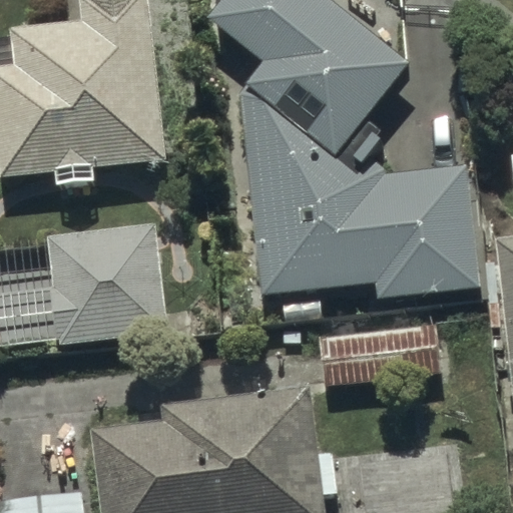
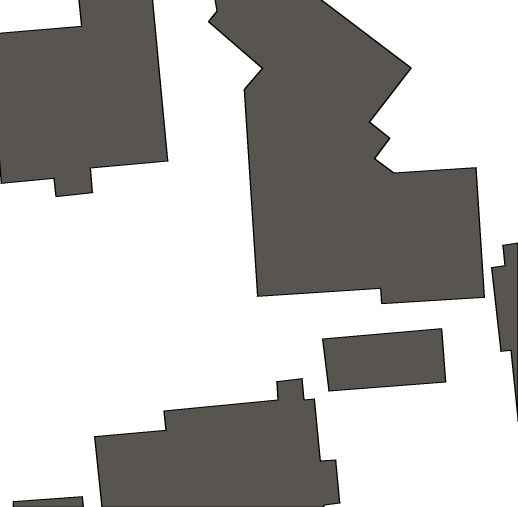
building: [48,224,166,344] -> none

